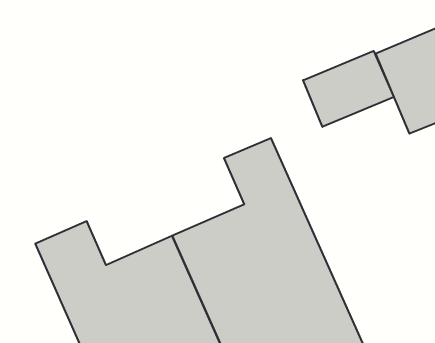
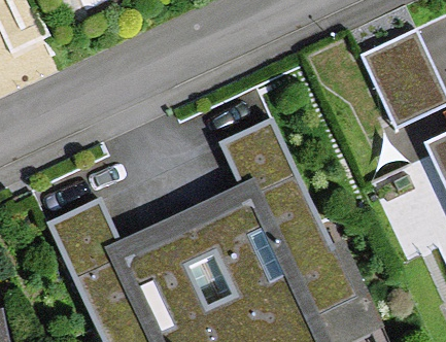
building: [303,51,394,127] -> none

